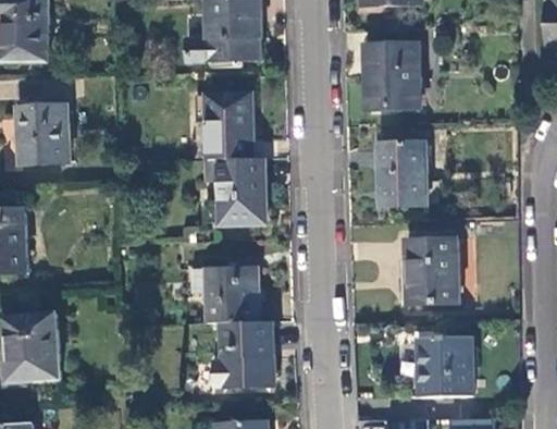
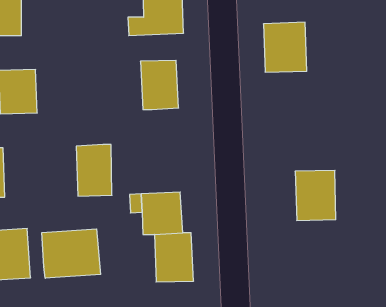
building: [379,140,426,205] -> none
building: [219,156,265,223] -> [76,145,112,196]
building: none -> [42,229,101,278]
building: [417,335,469,395] -> none

